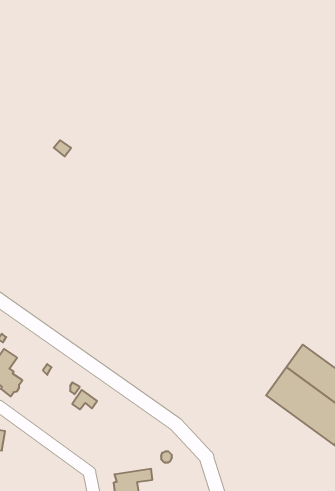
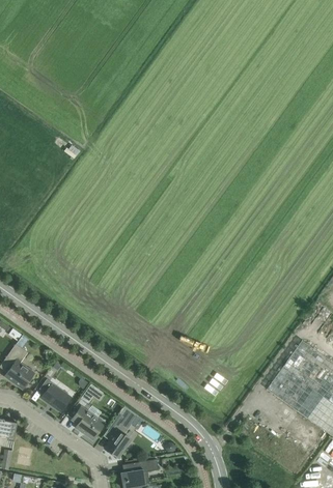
building: none -> [39,378,72,412]
building: none -> [72,406,104,439]
building: none -> [105,406,138,457]

